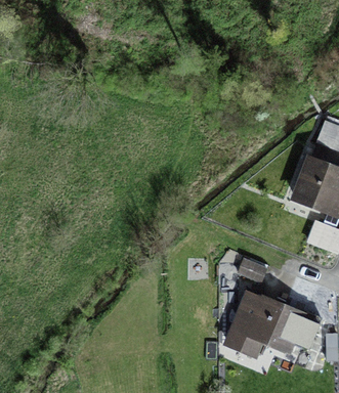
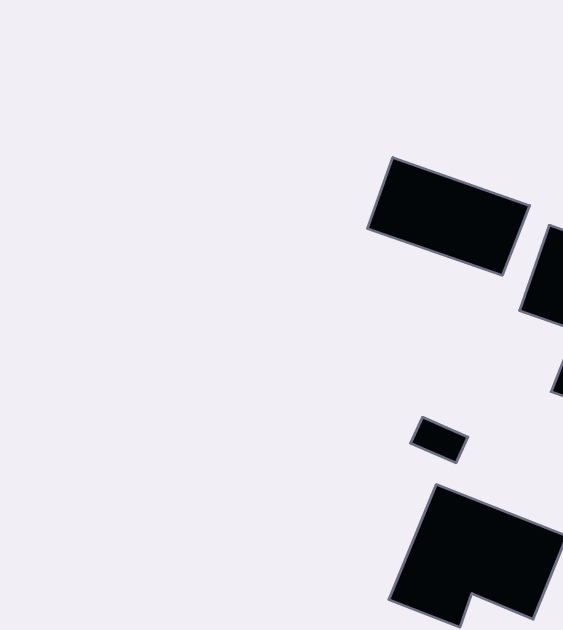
building: none -> [368,157,530,275]

